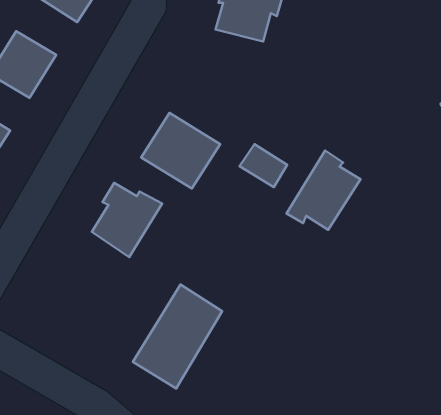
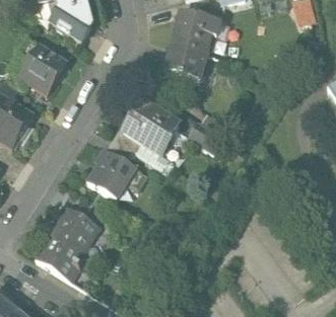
building: none -> [165,42,207,77]
building: [287,150,360,230] -> none
building: [133,285,222,389] -> [37,205,97,275]

